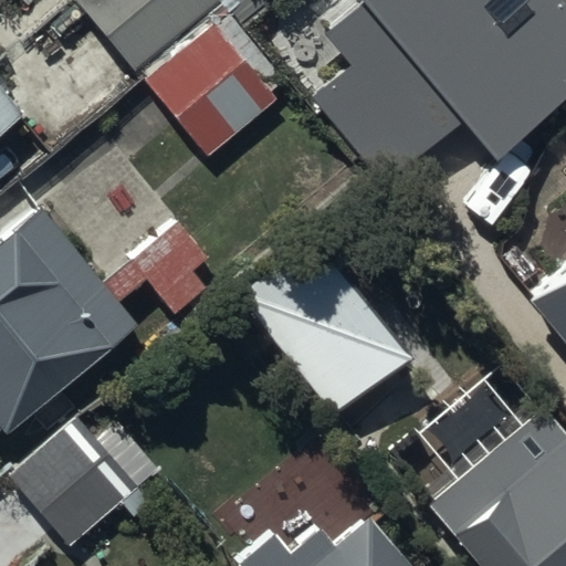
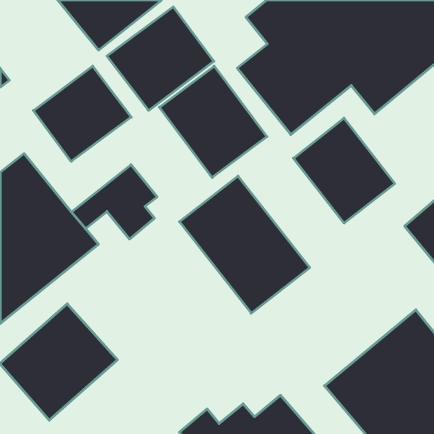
building: none -> [159,66,267,178]
building: none -> [33,66,131,161]
building: none -> [293,118,395,223]

